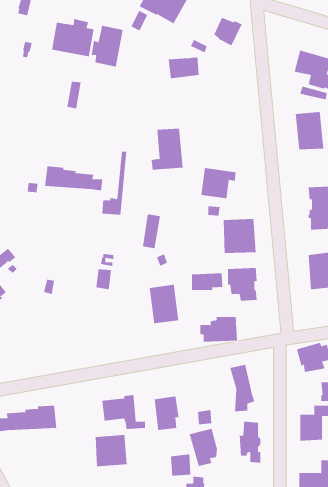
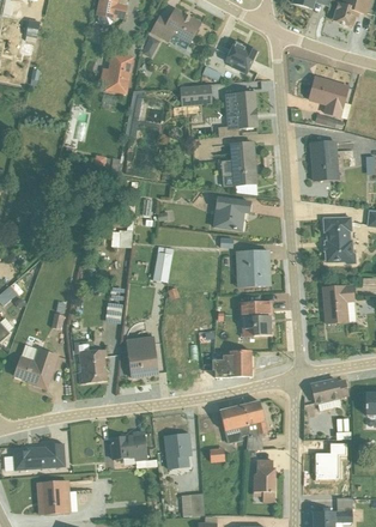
building: [52,18,94,57] -> none
building: none -> [223,87,255,129]
building: [151,128,183,170] -> [222,143,255,186]
building: [45,165,103,191] -> none
building: [191,272,223,291] -> none
building: [149,284,179,324] -> [126,335,157,376]
building: none -> [73,340,107,382]
building: none -> [13,344,56,387]
building: [189,428,218,467] -> [218,404,248,443]
building: [95,434,128,467] -> [37,479,71,513]

